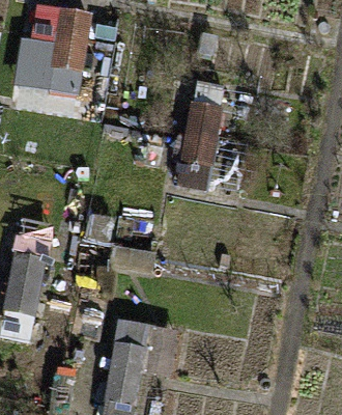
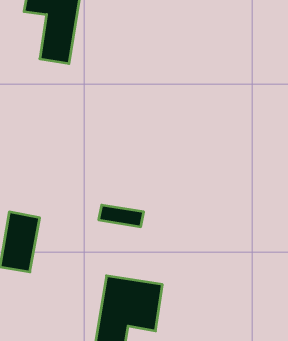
building: [176,83,236,190] -> none

